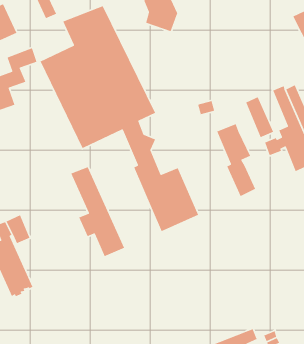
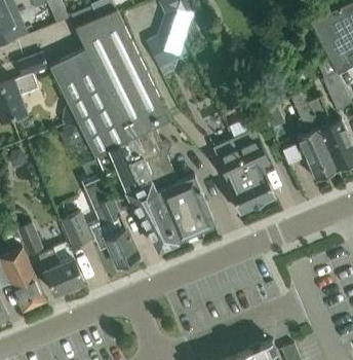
building: none -> [146,28,187,71]
building: none -> [97,138,176,251]
building: none -> [212,139,258,214]
building: none -> [63,212,92,247]
building: none -> [38,243,83,295]

